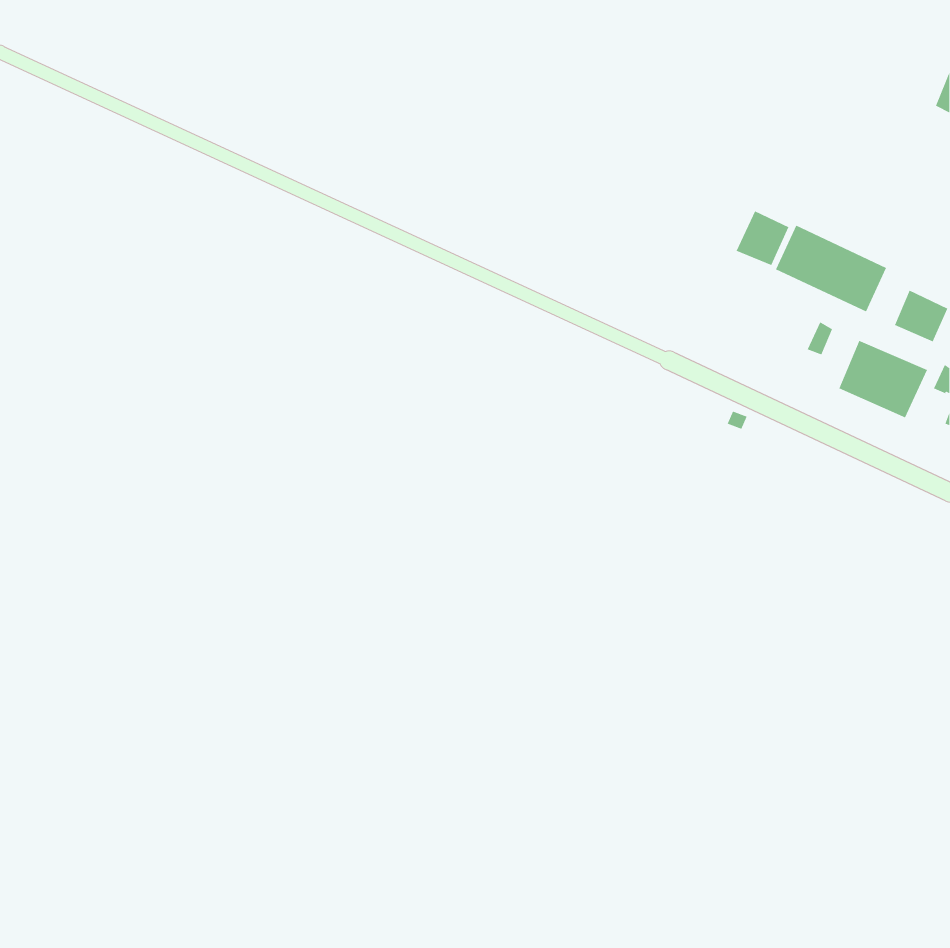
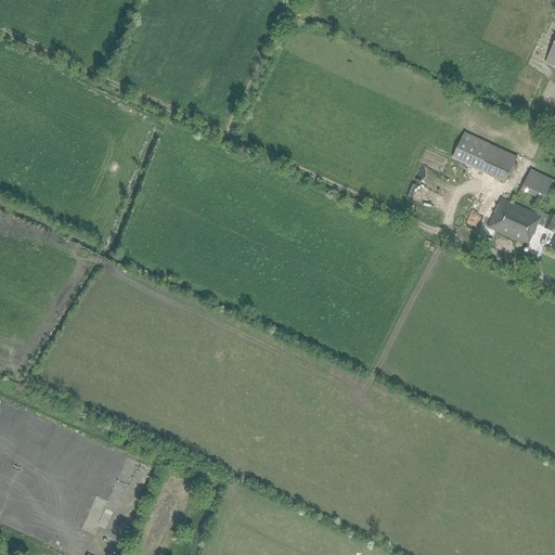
building: [736,211,789,266] -> none

